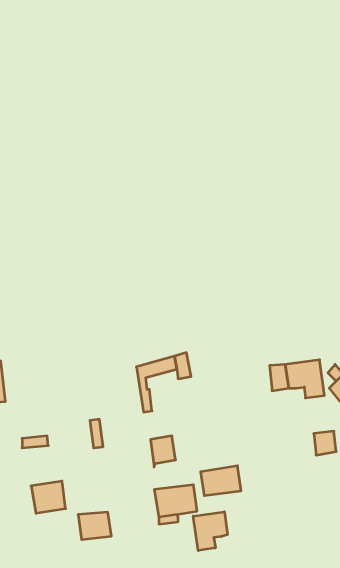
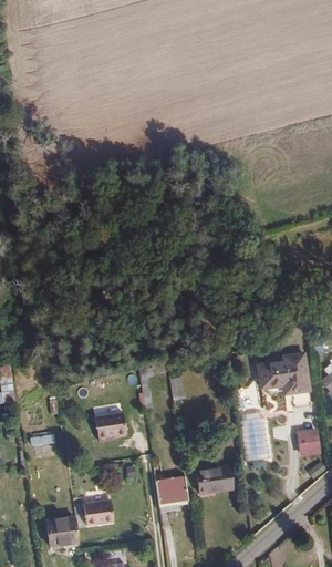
building: [151,436,176,467] -> [102,413,125,442]
building: [31,481,66,513] -> [45,519,77,549]
building: [193,512,227,551] -> none

